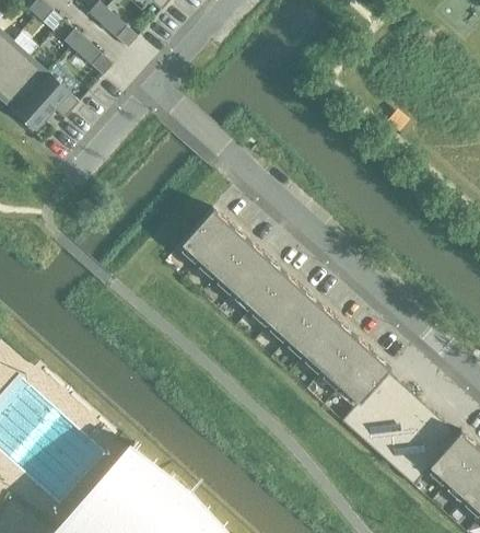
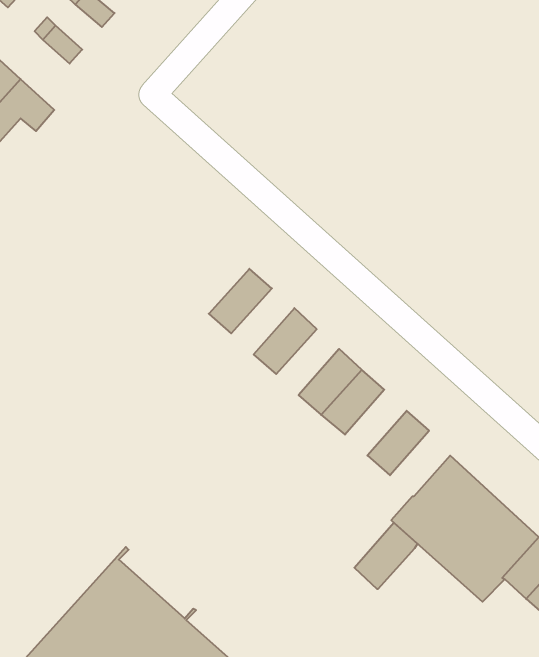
building: [180,210,231,262] -> none
building: [216,242,266,293] -> none
building: [251,274,301,325] -> none
building: [305,321,353,372] -> none
building: [340,352,389,404] -> [354,523,418,589]

